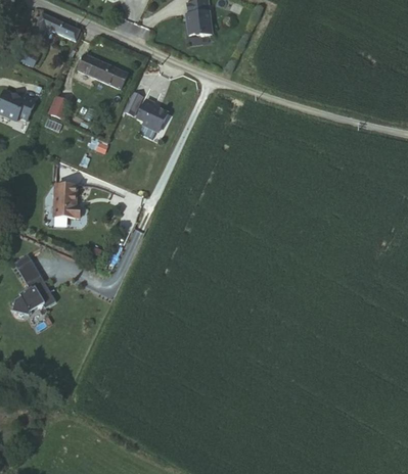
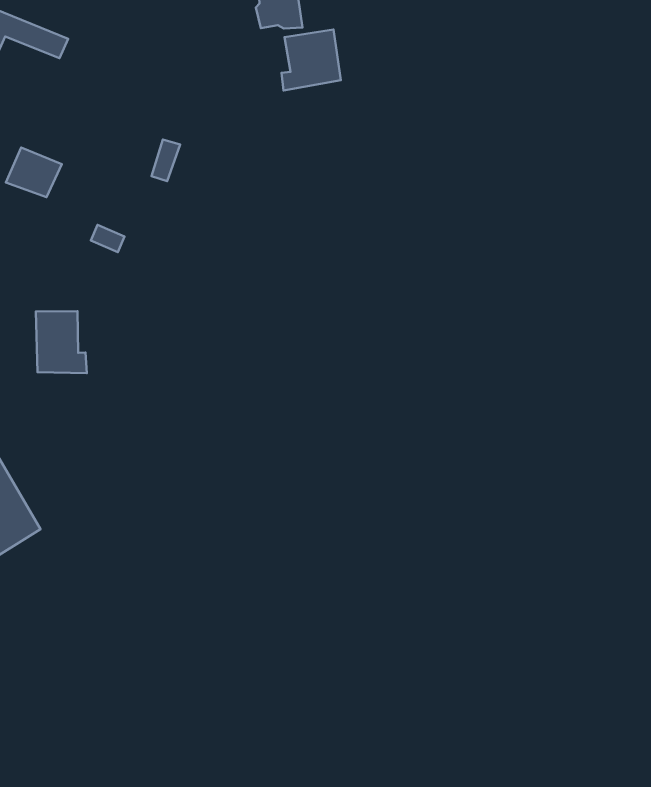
building: none -> [282,29,341,90]
building: [81,53,130,89] -> none
building: [138,98,171,131] -> none

